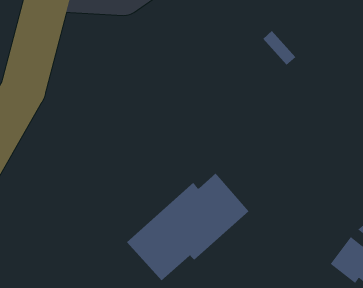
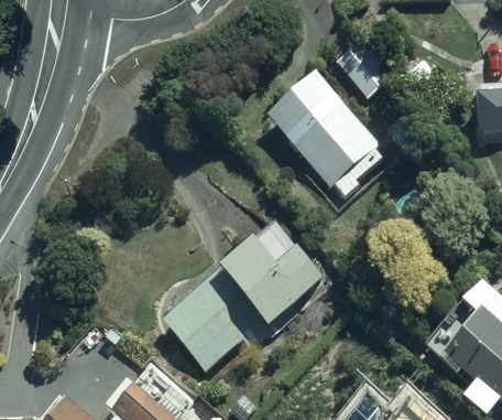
building: none -> [268,69,388,192]

